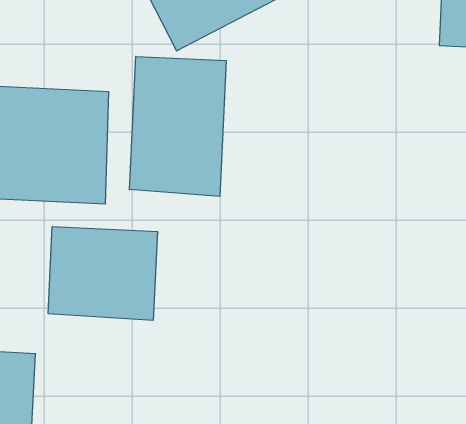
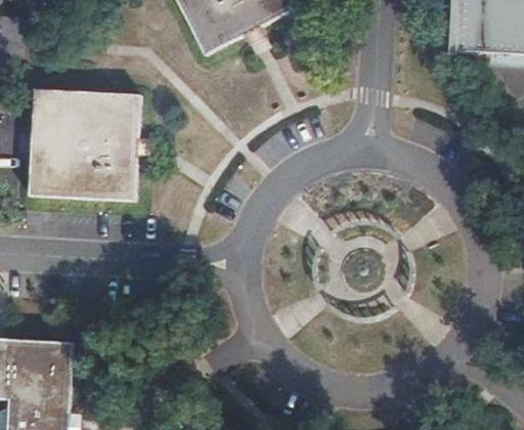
building: [129,56,226,196] -> none
building: [48,227,158,320] -> none

